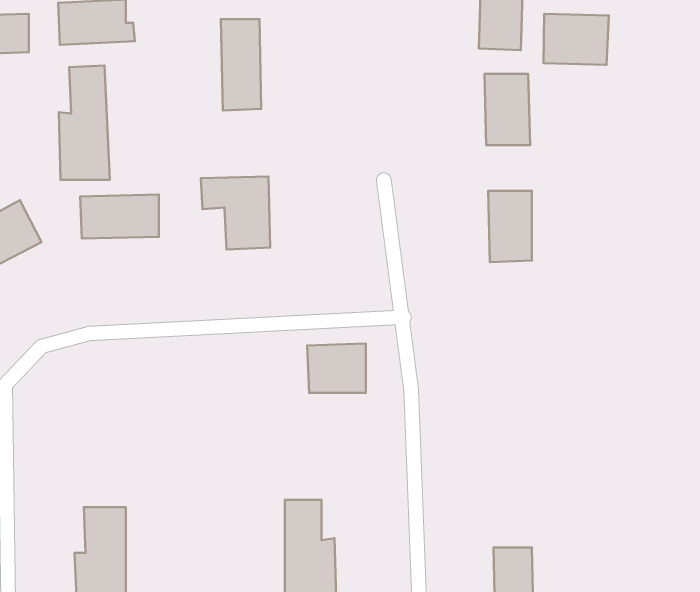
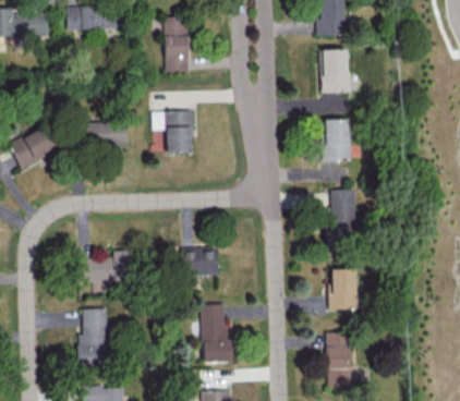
building: [544,14,609,65] -> none
building: [59,65,110,180] -> none
building: none -> [329,190,355,241]
building: [307,344,366,393] -> [182,247,217,277]
building: none -> [80,251,134,282]
building: none -> [330,269,356,309]

